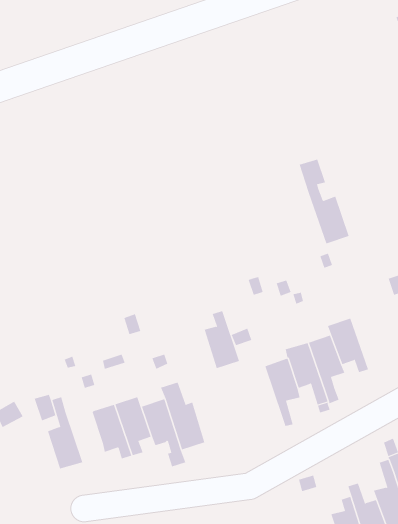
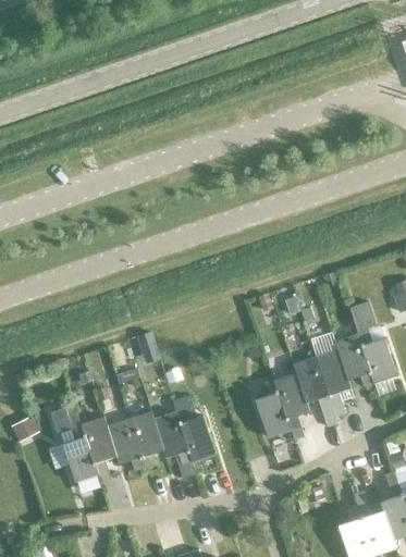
building: [299,159,349,244] -> [348,300,397,383]
building: [204,311,240,369] -> [255,380,290,436]
building: none -> [81,417,115,481]

